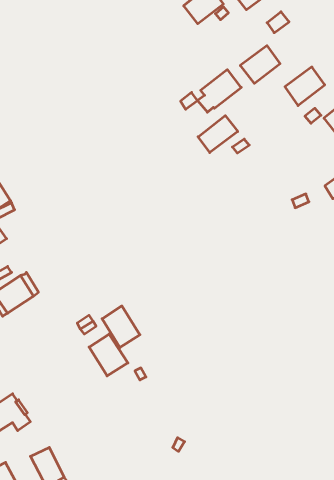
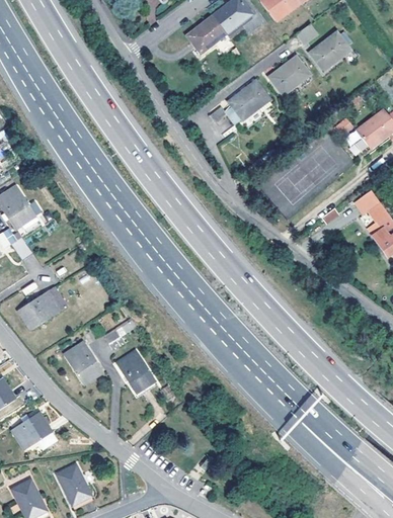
building: none -> [186,16,226,55]
building: [285,67,325,106] -> [310,31,350,71]
building: [198,116,238,153] -> none
building: [102,306,140,348] -> [63,342,101,384]

